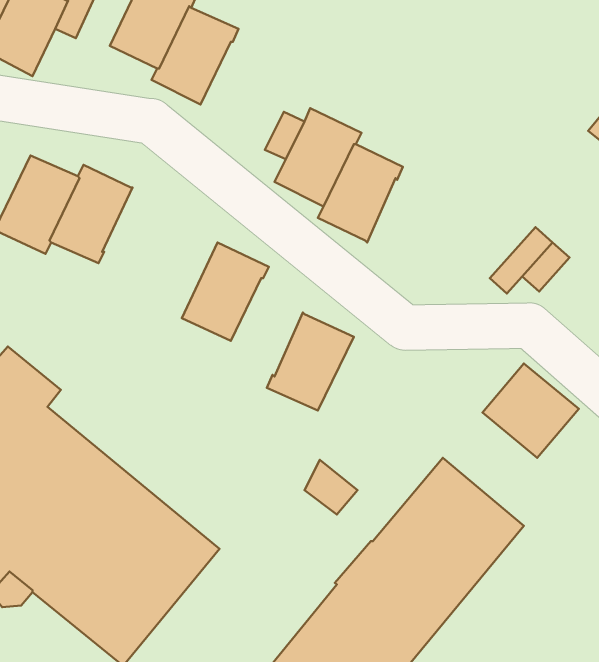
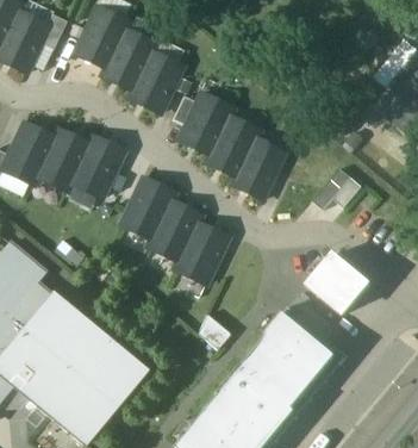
building: none -> [127,50,181,112]
building: none -> [69,135,123,197]
building: none -> [231,136,285,198]
building: none -> [146,199,200,261]

